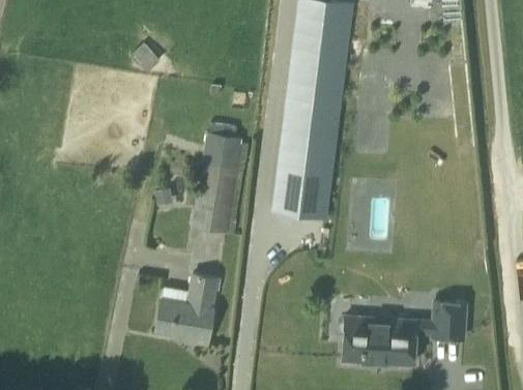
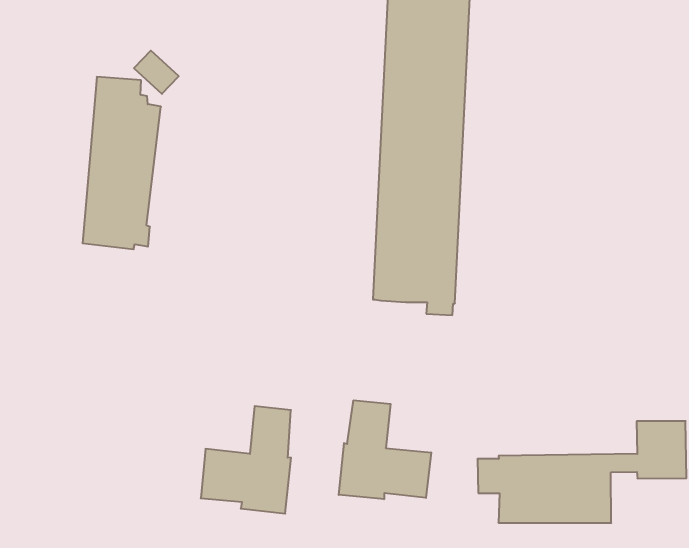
building: [194,123,250,234] -> [82,77,161,249]
building: none -> [339,400,431,499]

